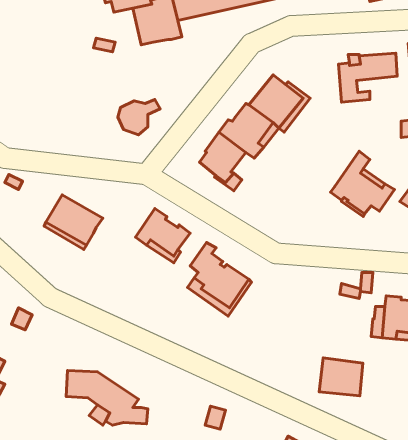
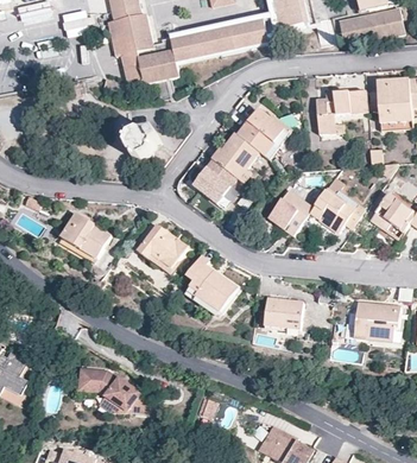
building: none -> [120,50,144,85]
building: none -> [268,189,312,234]
building: [319,358,363,396] -> [265,294,303,328]

